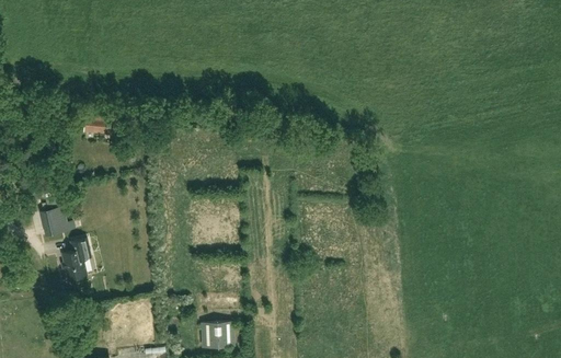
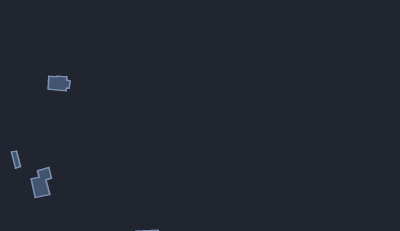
building: [47,204,69,234] -> none

